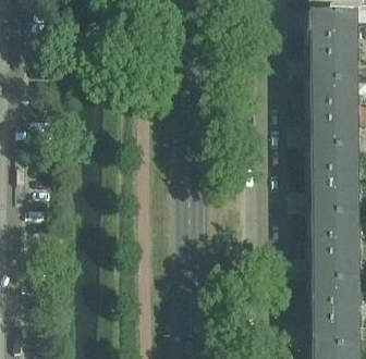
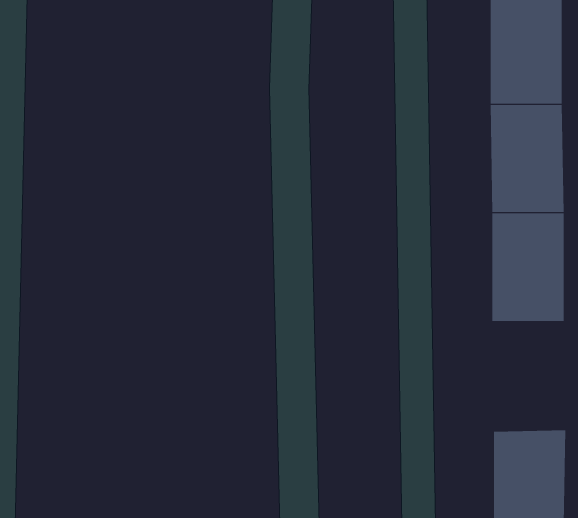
building: [310,226,356,294] -> none

